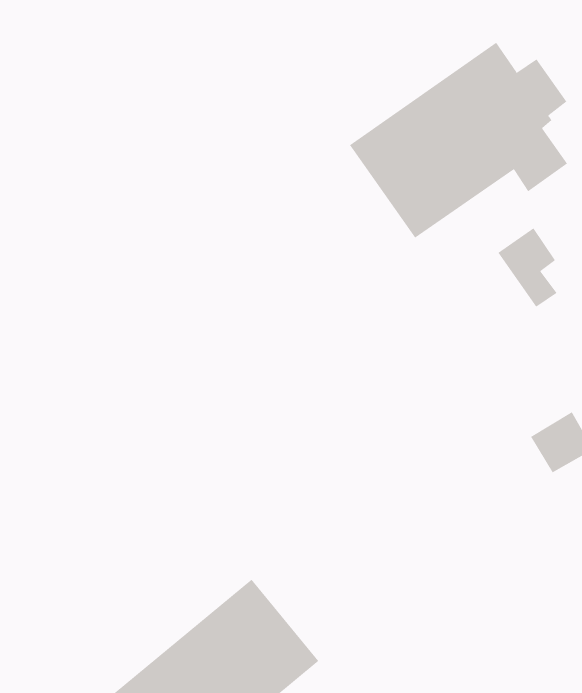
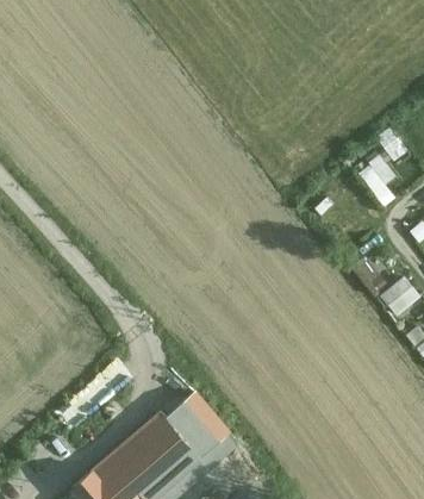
building: [349,42,568,239] -> none

